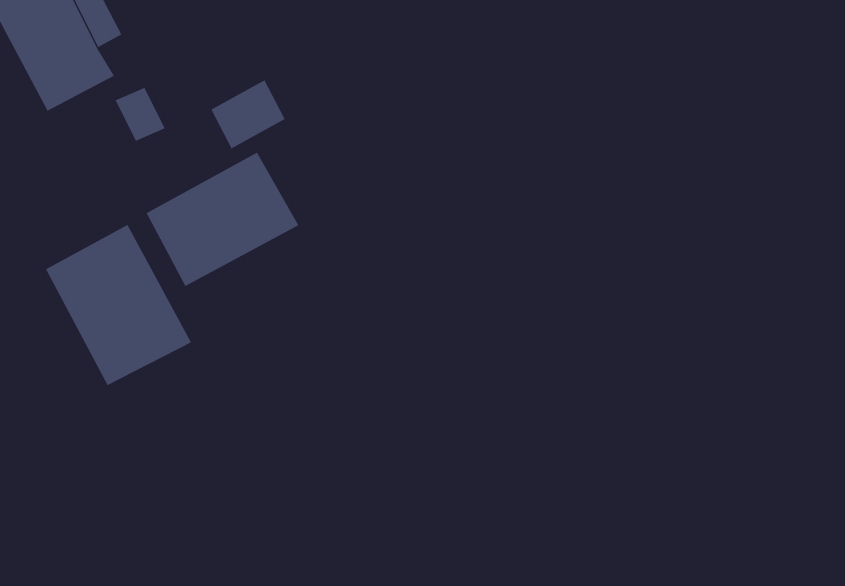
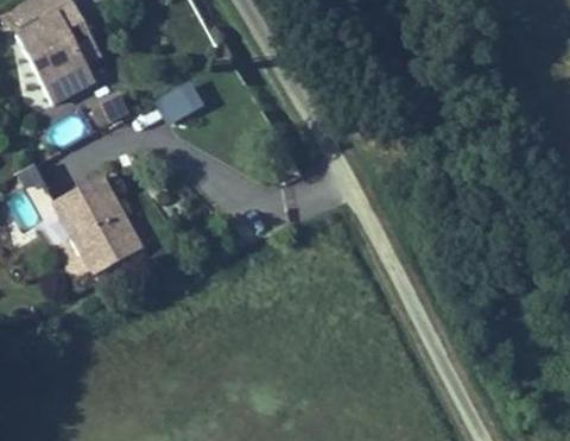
building: [146,152,299,287] -> none

